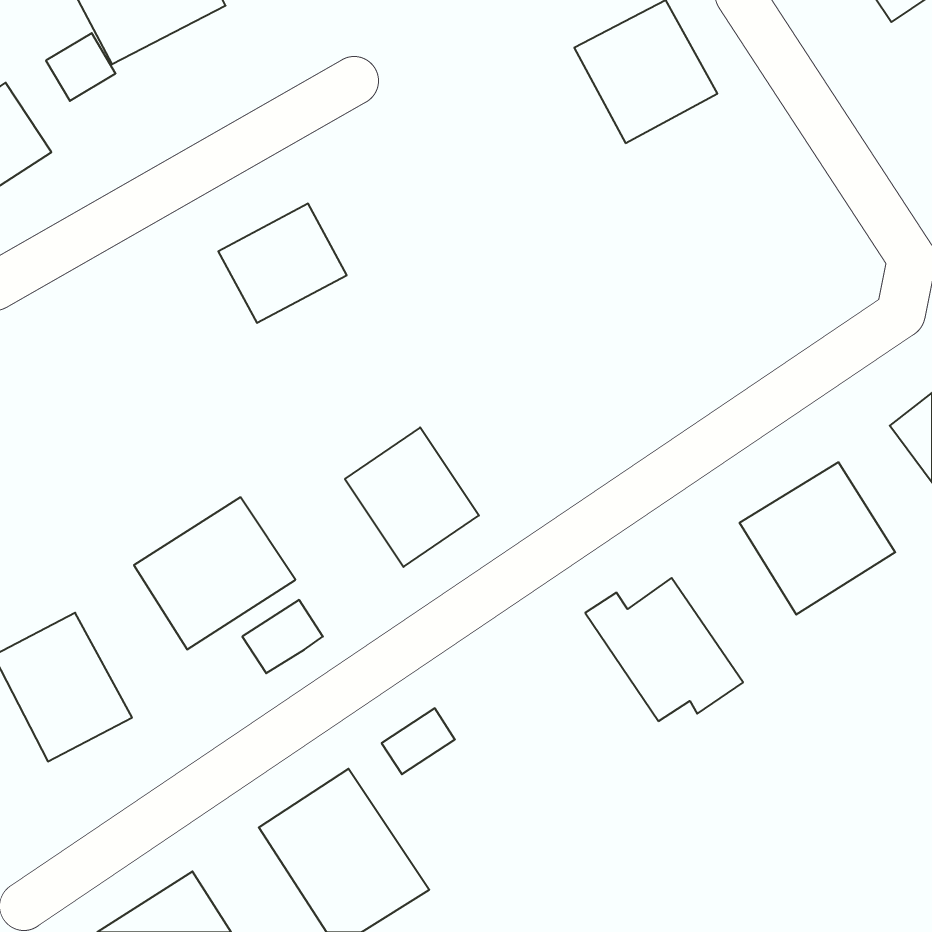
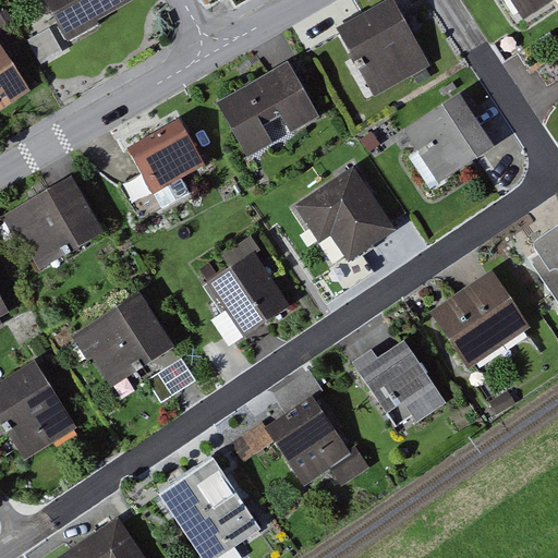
building: none -> [225,65,323,155]
building: none -> [403,95,489,180]
building: none -> [291,166,391,260]
building: none -> [21,183,105,264]
building: none -> [264,371,365,485]

